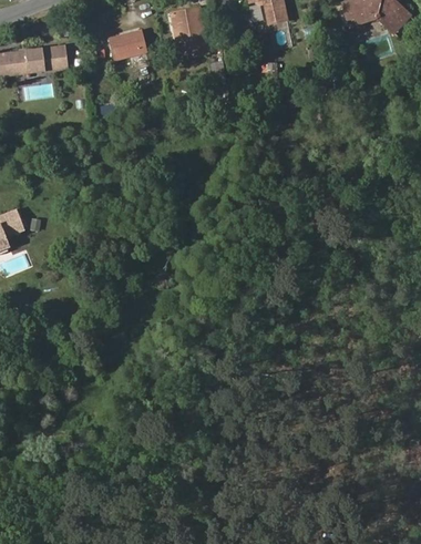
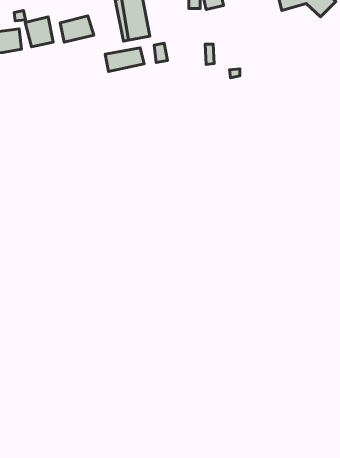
building: none -> [25,17,53,47]
building: none -> [105,48,144,71]

